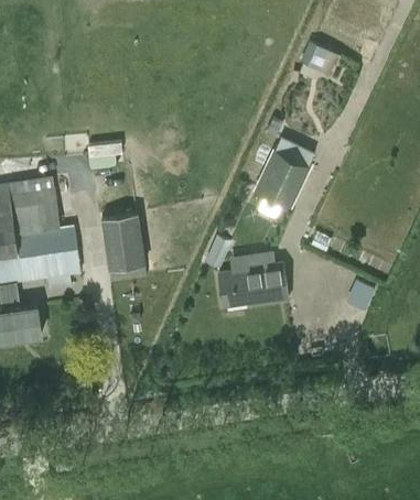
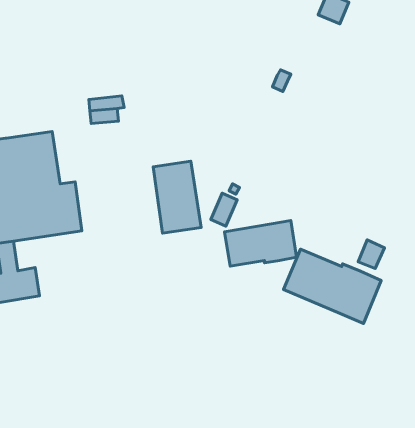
building: [252,139,313,208] -> none
building: [100,213,147,282] -> [153,161,201,233]
building: none -> [284,249,381,324]

